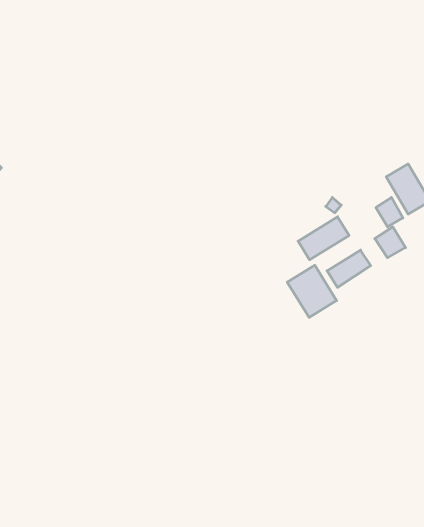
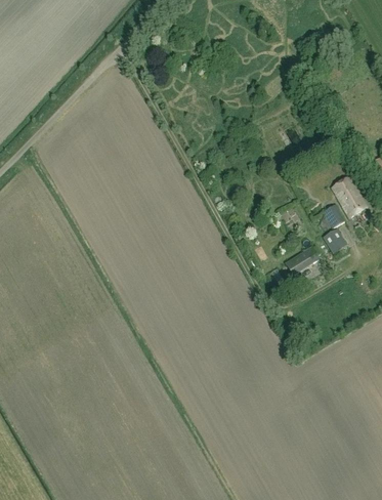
building: [298,217,349,260] -> none
building: [287,265,337,317] -> none

